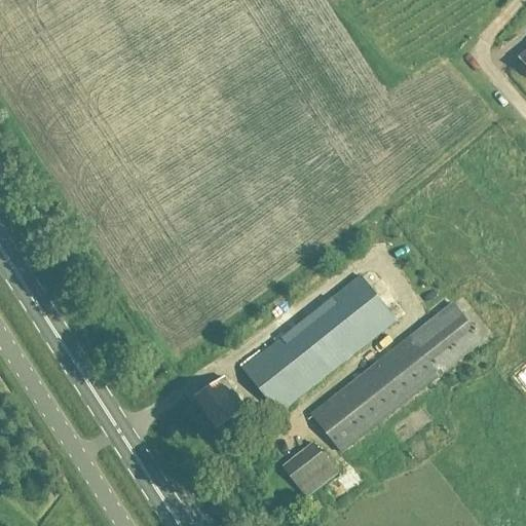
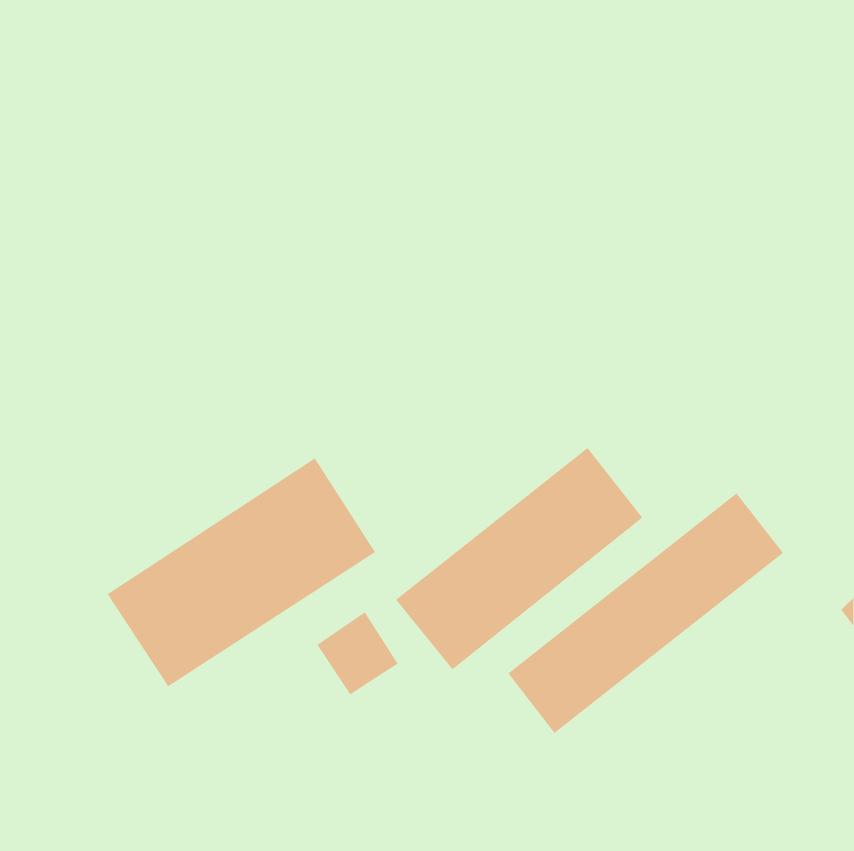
building: none -> [107,458,376,687]
building: [281,441,335,494] -> none

